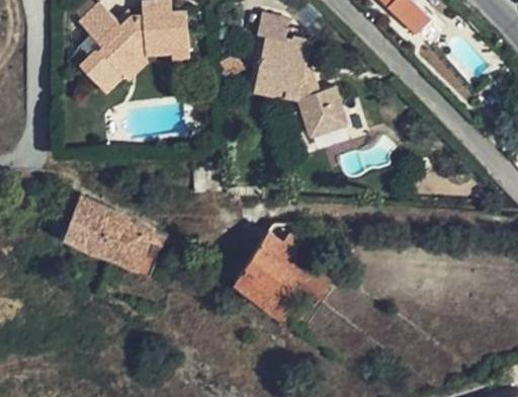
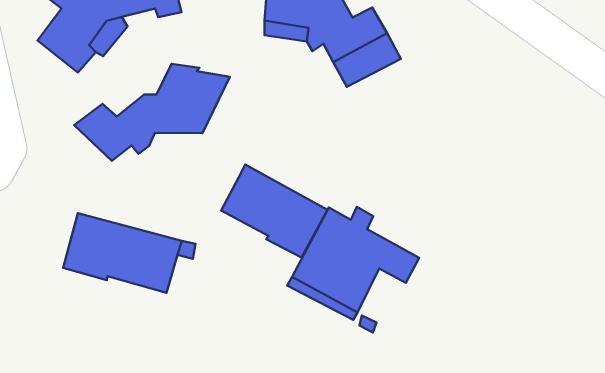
building: none -> [74,64,230,161]
building: none -> [221,165,328,257]

